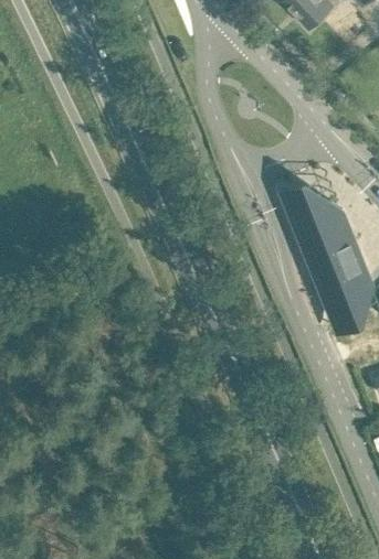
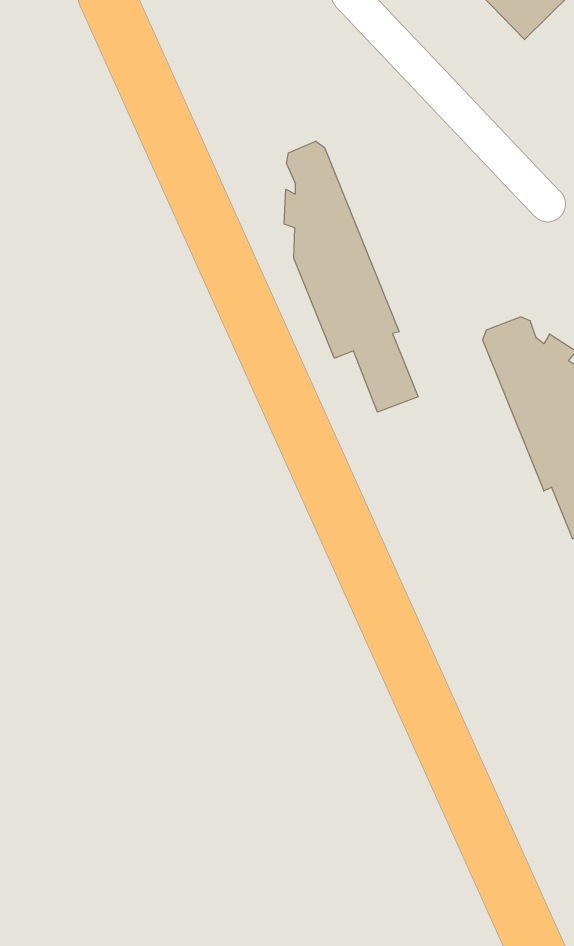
building: none -> [284,141,418,412]

